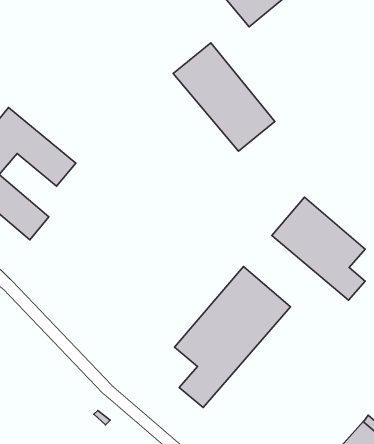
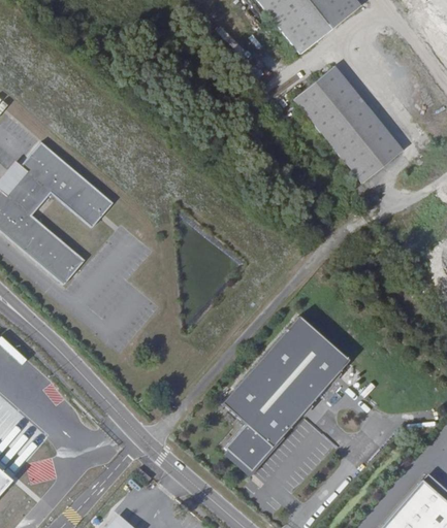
building: [173,43,275,151] -> [296,67,406,184]
building: [272,197,365,300] -> none

